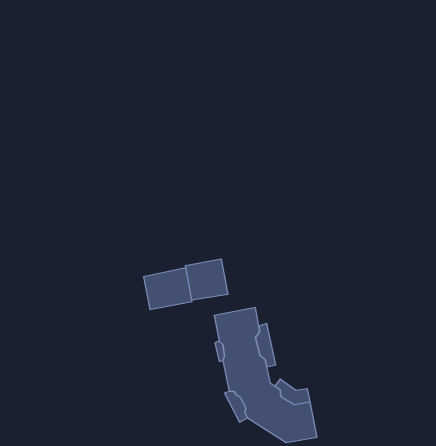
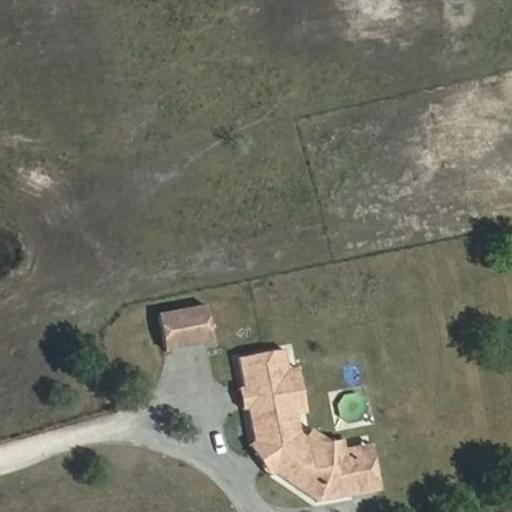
building: [185,259,228,300] -> none
building: none -> [351,445,387,496]

